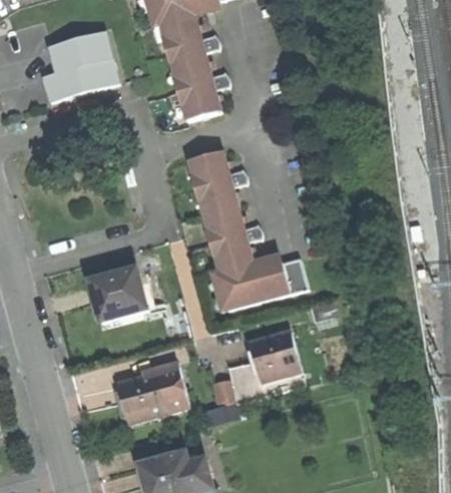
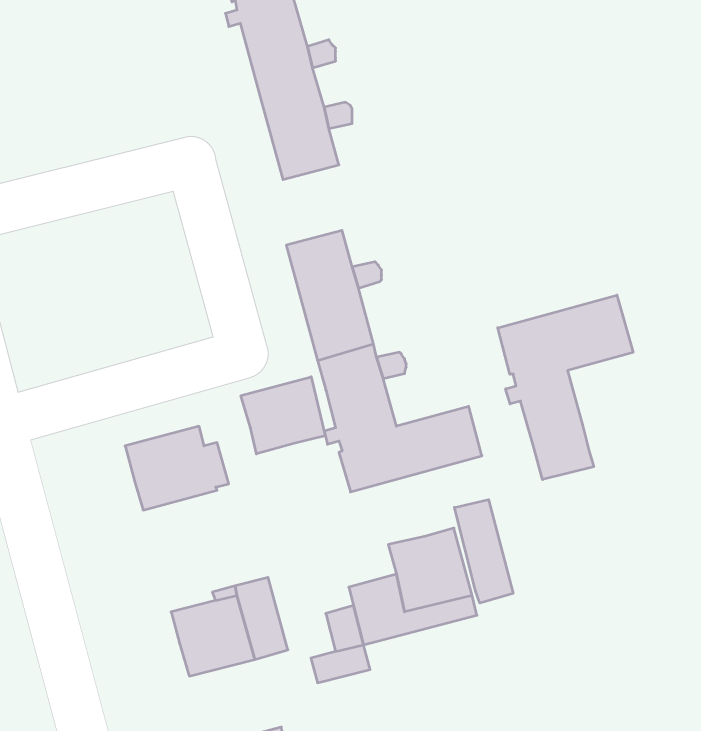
building: [40,31,116,100] -> none
building: none -> [498,295,633,480]
building: none -> [241,377,325,454]
building: none -> [454,500,513,603]

